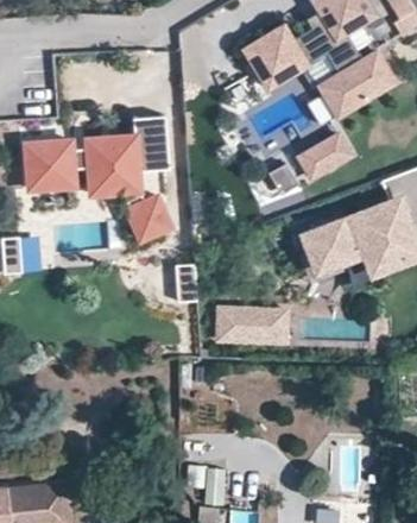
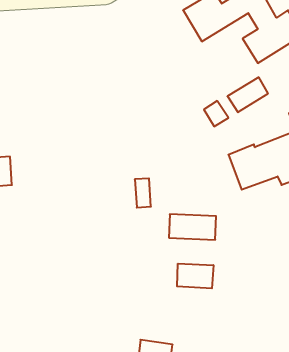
building: [29,114,173,238] -> none
building: none -> [177,264,213,288]

